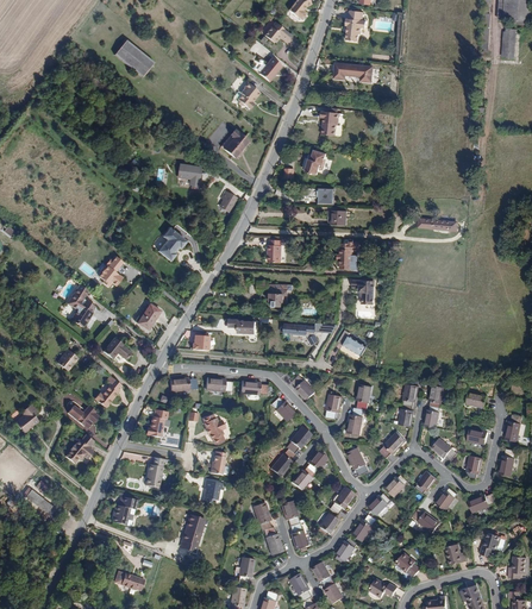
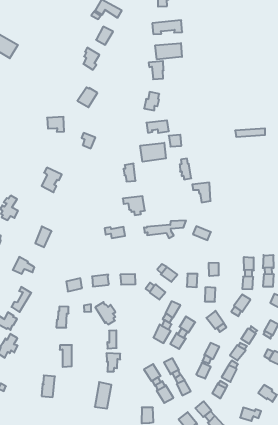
building: none -> [155,43,182,59]
building: none -> [140,143,166,162]

